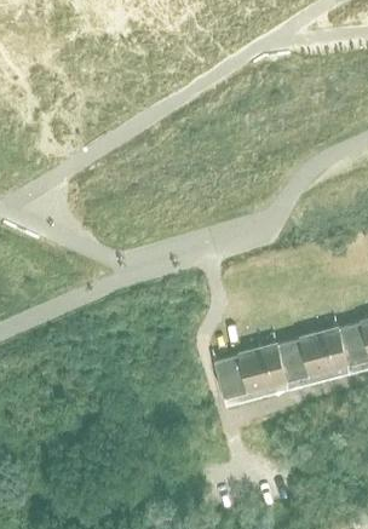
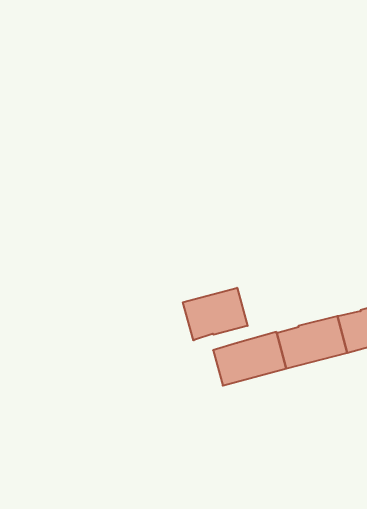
building: none -> [183,288,248,340]

